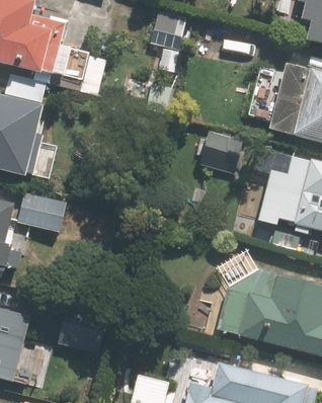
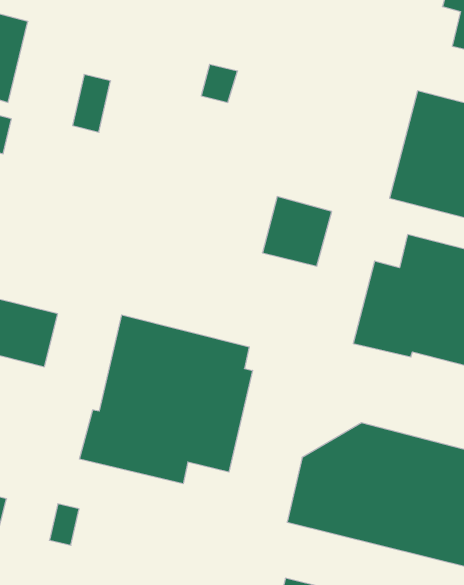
building: none -> [80,315,253,484]

